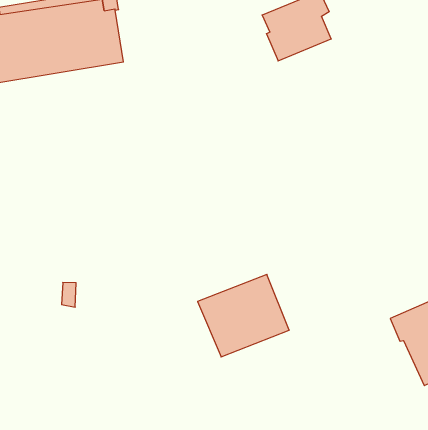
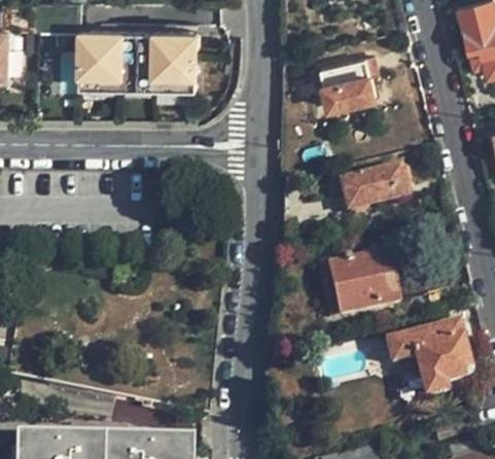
building: none -> [341,167,408,211]
building: [198,274,289,357] -> [326,251,400,315]

